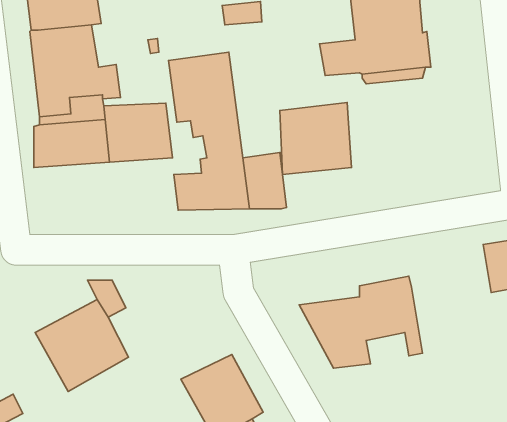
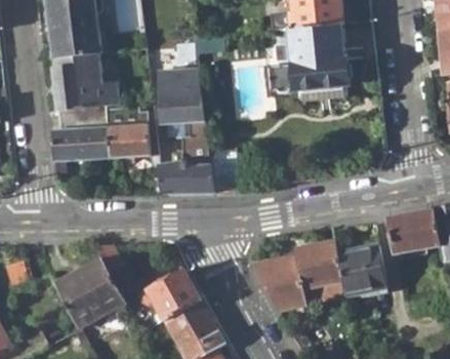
building: [280,102,352,174] -> none
building: none -> [336,243,390,300]
building: none -> [125,269,202,332]

